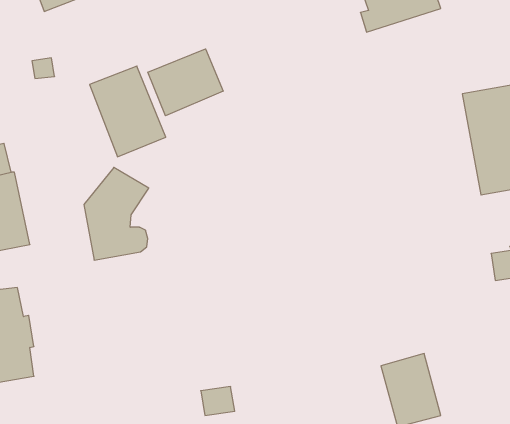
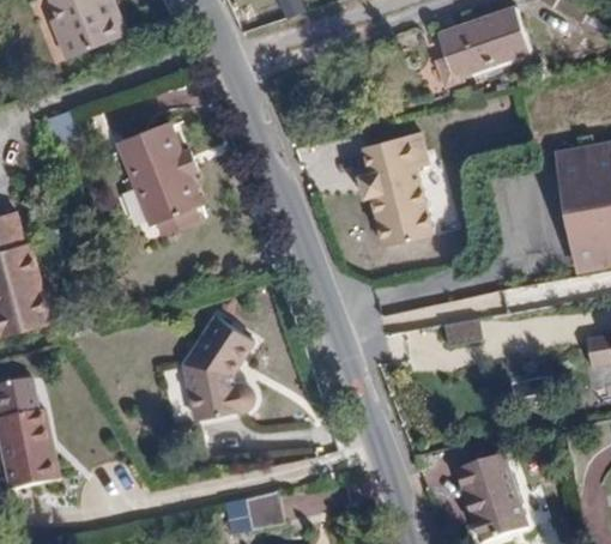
building: [148,49,223,116] -> none
building: none -> [353,129,431,247]
building: [84,167,149,260] -> [181,315,256,423]

